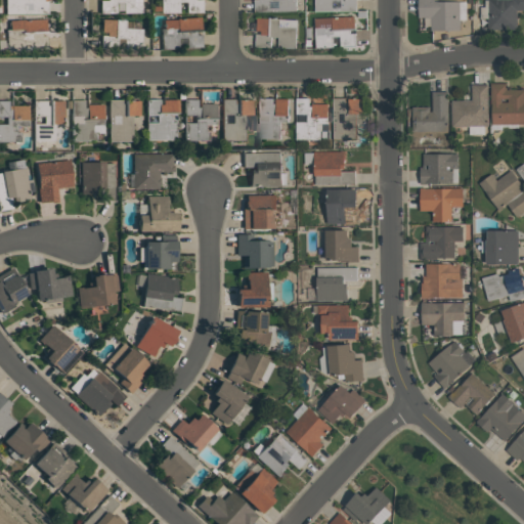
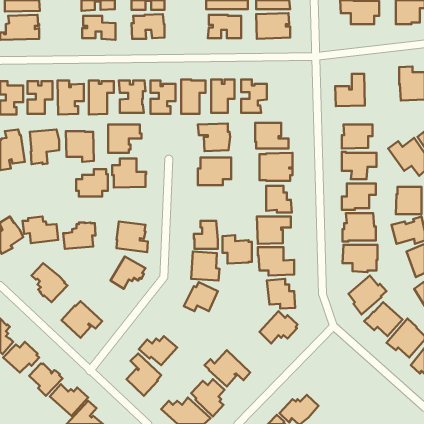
building: [453,84,490,126] -> none
building: [335,98,365,138] -> none
building: [238,233,274,268] -> [223,235,252,263]
building: [140,234,179,268] -> [76,169,108,197]
building: [105,343,155,393] -> none
building: [212,380,248,425] -> none
building: [288,407,333,456] -> none

